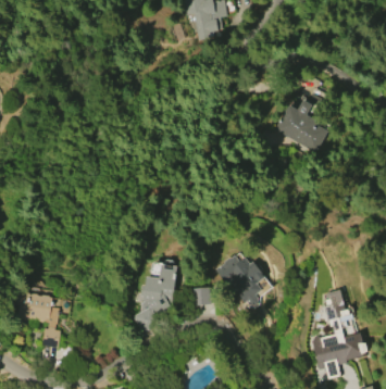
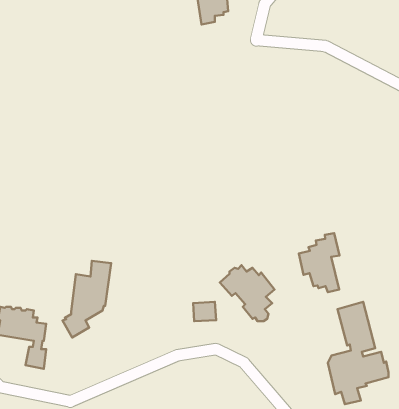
building: [275,95,327,152] -> none
building: none -> [299,233,339,292]
building: [134,264,177,332] -> [63,261,111,337]

